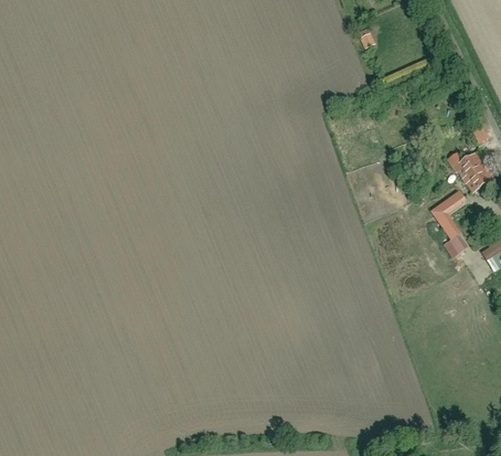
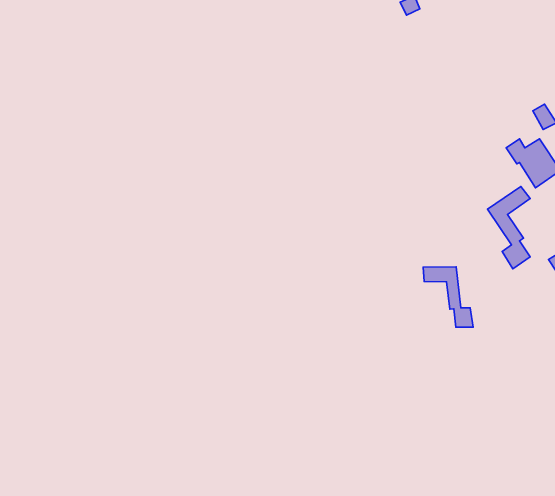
building: none -> [423,267,473,327]

